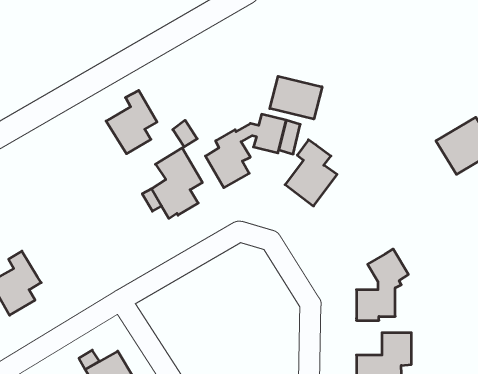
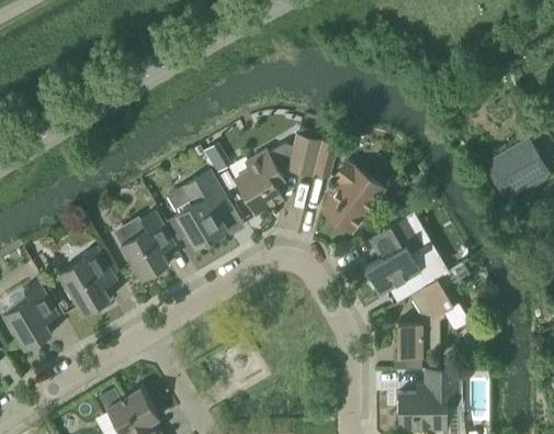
building: [270,76,322,119] -> none
building: [106,90,157,154] -> [120,212,174,280]
building: none -> [364,218,448,294]
building: none -> [58,246,116,315]

